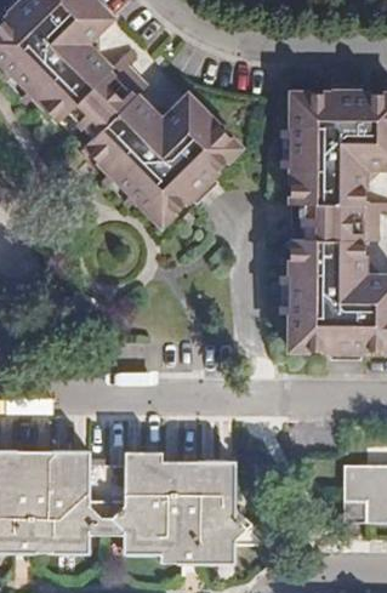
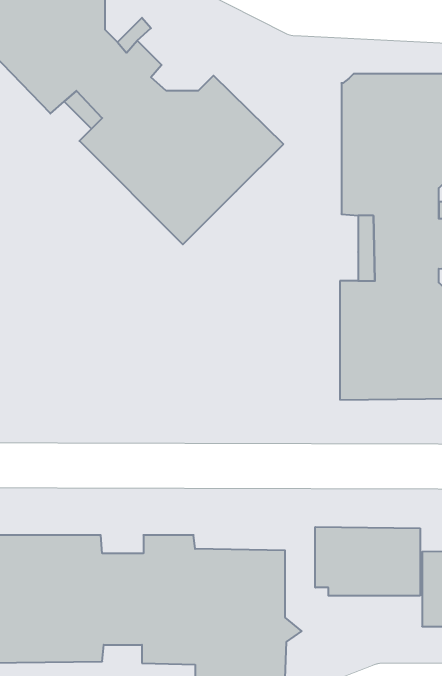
building: none -> [315,527,420,596]

